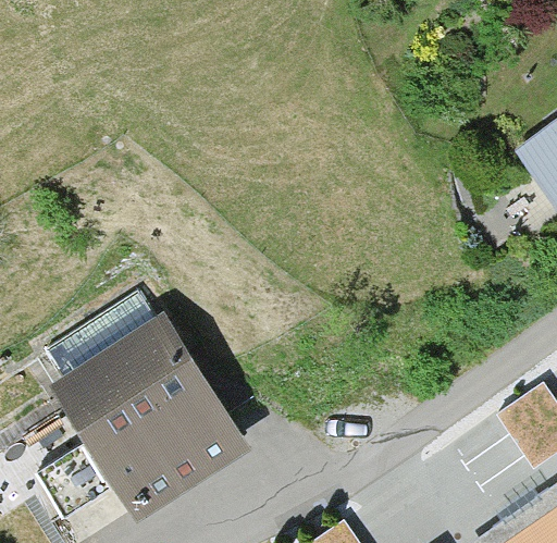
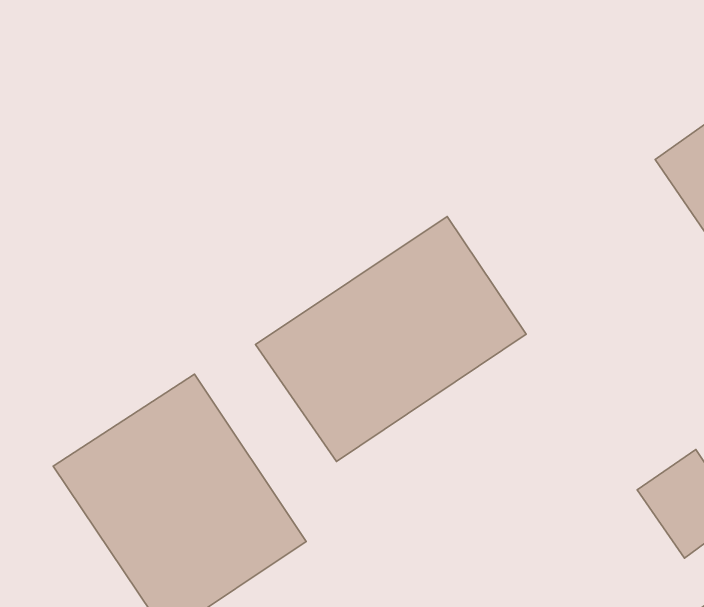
building: none -> [256,216,526,461]

